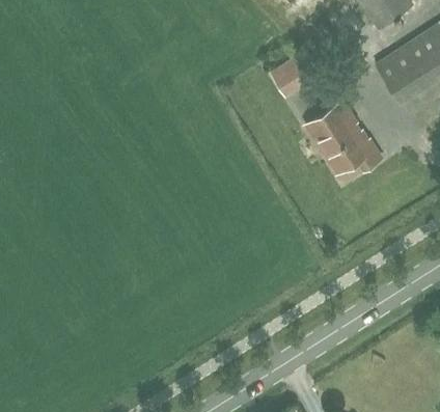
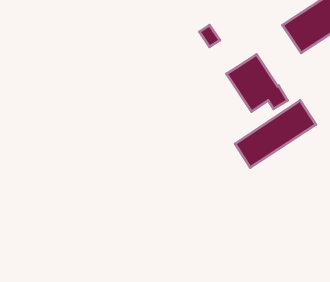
building: none -> [235,101,316,167]

